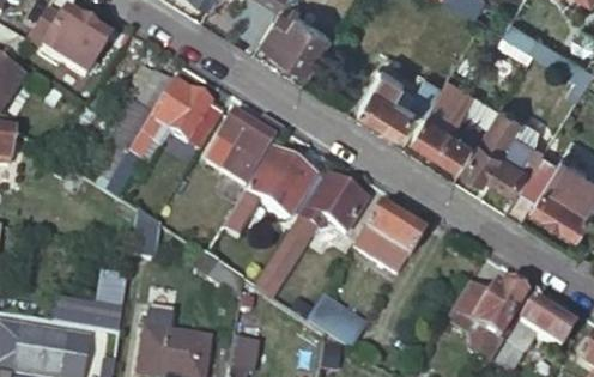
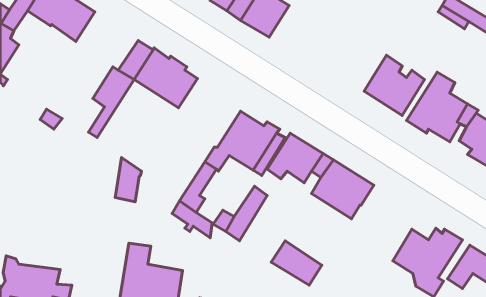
building: [359,71,441,129] -> none
building: [216,118,285,186] -> none
building: [54,268,128,329] -> none

